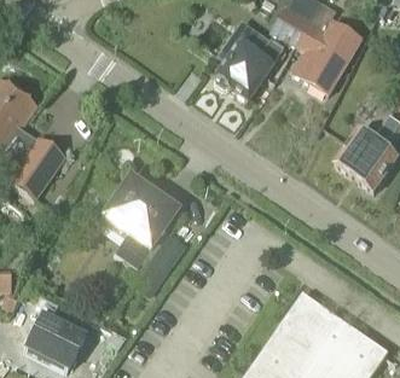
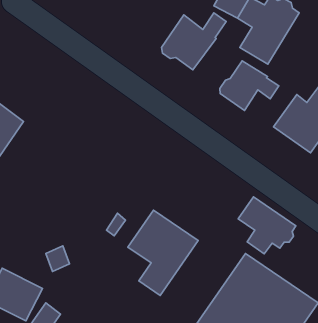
building: none -> [220,61,279,111]
building: [103,174,179,266] -> [128,210,198,295]
building: none -> [238,197,296,254]

